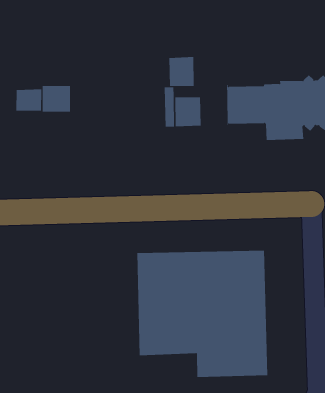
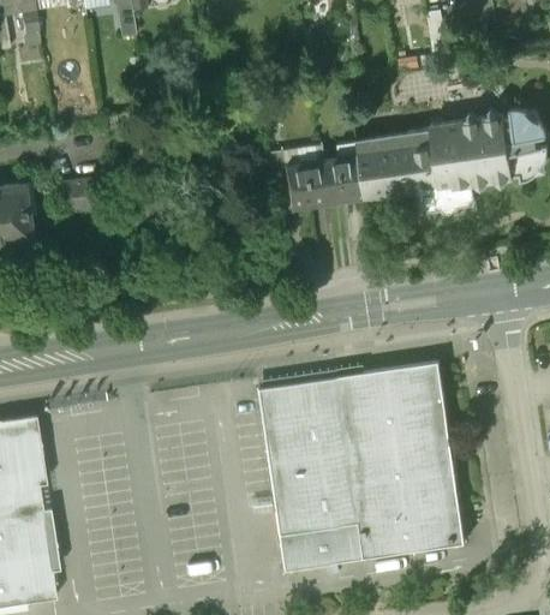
building: [168,57,195,87] -> [322,154,364,201]
building: [42,85,71,113] -> none
building: none -> [280,524,365,568]

